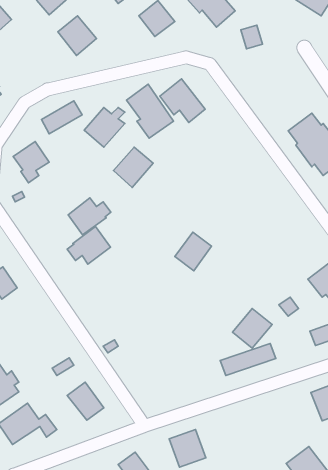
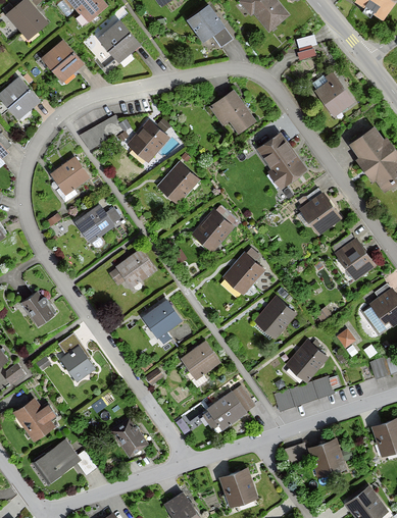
building: none -> [42,41,85,84]
building: none -> [315,72,355,117]
building: [126,84,174,138] -> [256,132,307,190]
building: none -> [299,189,343,234]
building: none -> [192,209,235,252]
building: [68,198,111,235] -> [76,200,121,240]
building: none -> [335,239,376,280]
building: none -> [253,296,297,340]
building: none -> [142,301,181,339]
building: none -> [58,334,95,381]
building: none -> [181,342,219,379]
building: none -> [203,385,255,430]
building: none -> [287,438,346,478]

